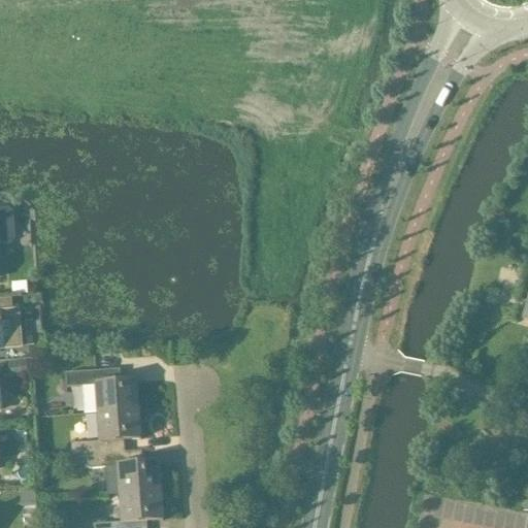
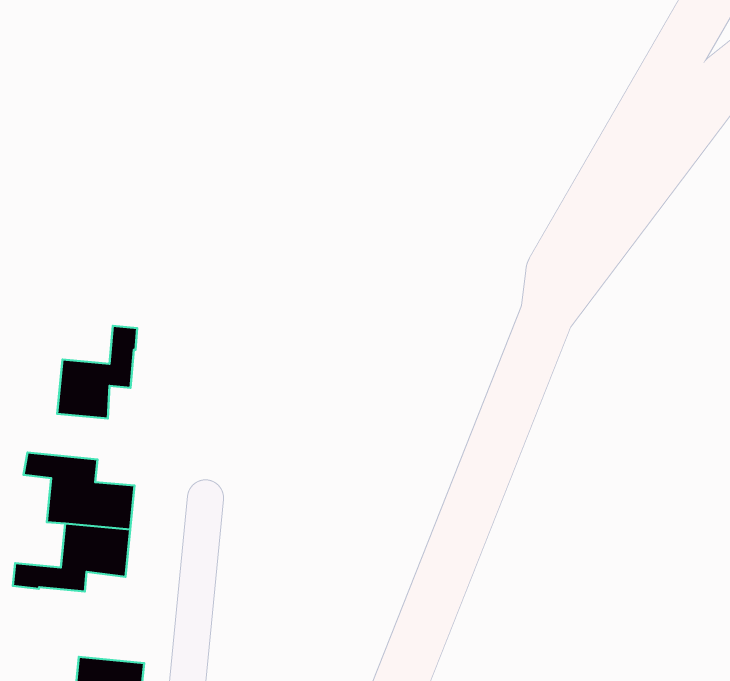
building: none -> [57,326,137,418]
building: [87,450,160,494] -> none

